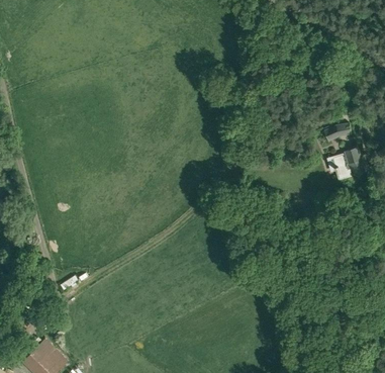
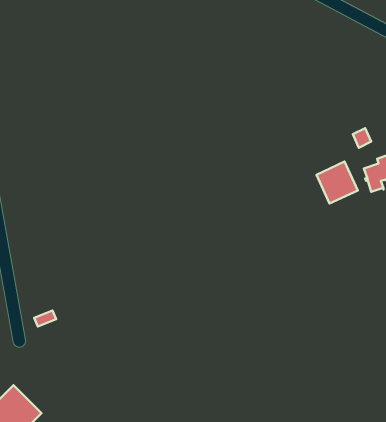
building: none -> [316,162,358,203]

